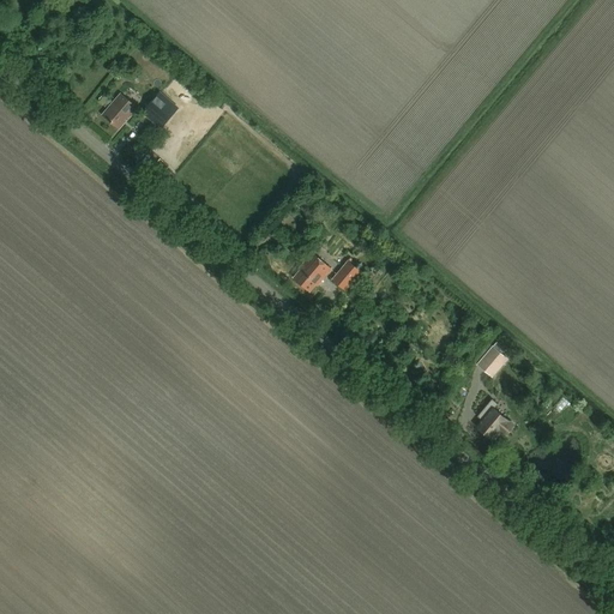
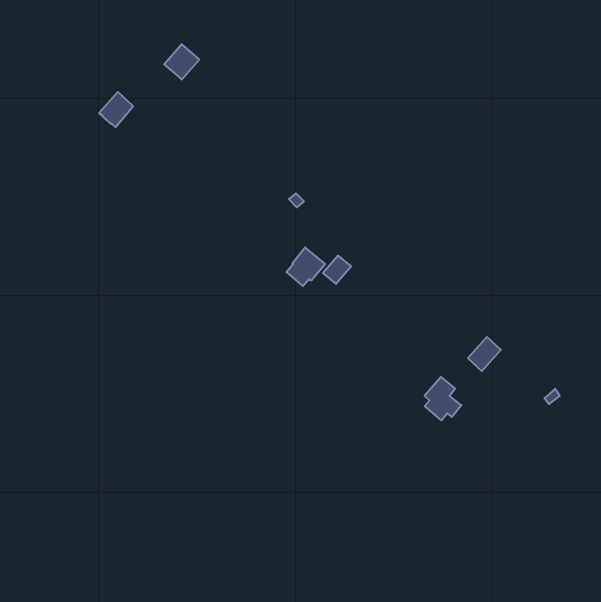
building: [142,92,177,128] -> [164,44,199,80]
building: [476,397,513,441] -> [425,377,461,420]

